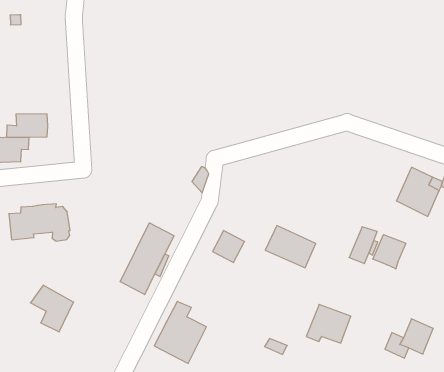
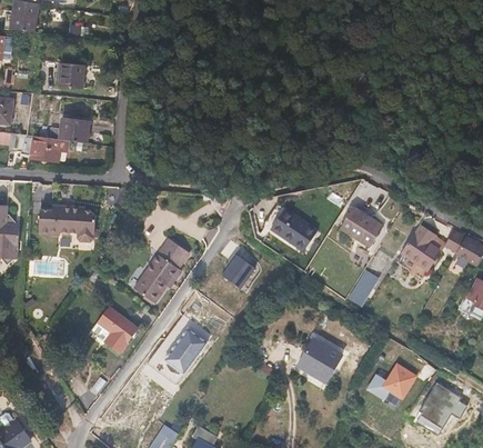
building: none -> [59,62,84,88]
building: none -> [340,206,384,247]
building: [265,226,316,268] -> [270,207,318,250]
building: [373,235,406,269] -> none
building: [30,285,74,332] -> [98,307,138,352]

